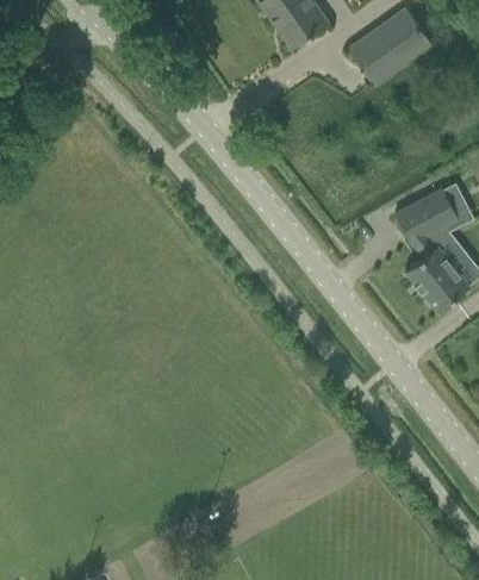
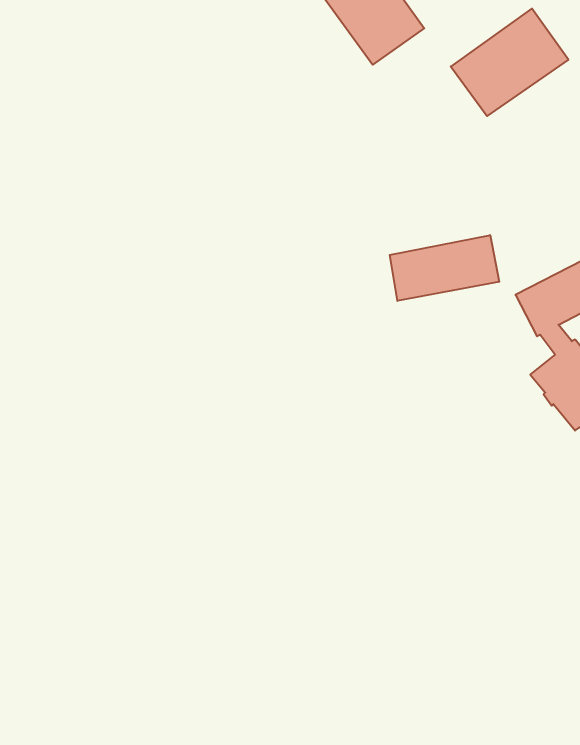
building: none -> [390,235,499,301]

